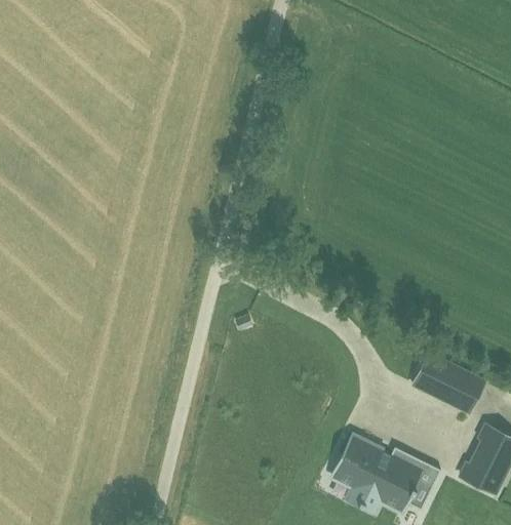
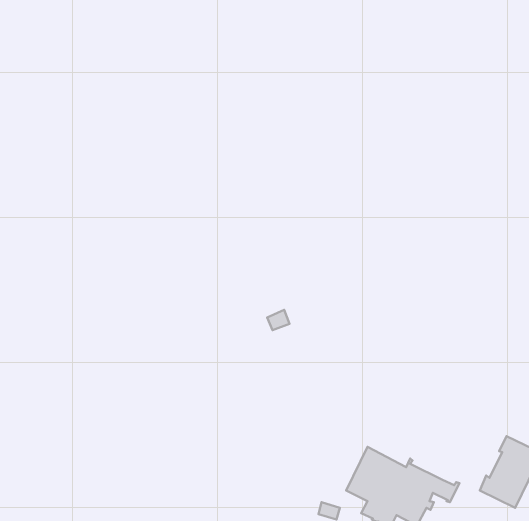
building: [412,354,484,412] -> none

